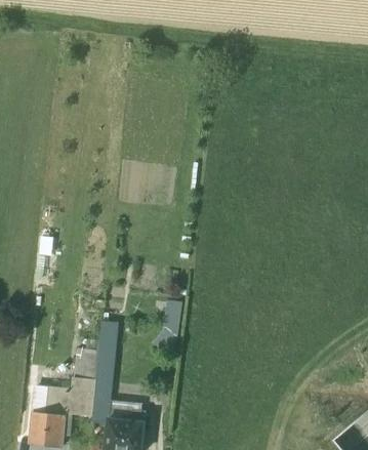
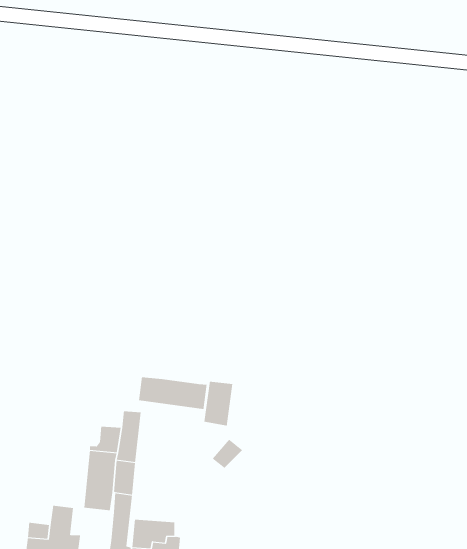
building: none -> [138,376,207,410]
building: [65,393,95,416] -> none

